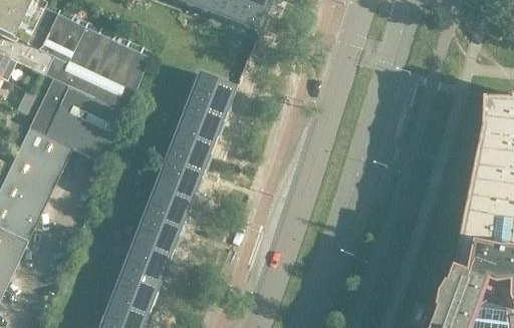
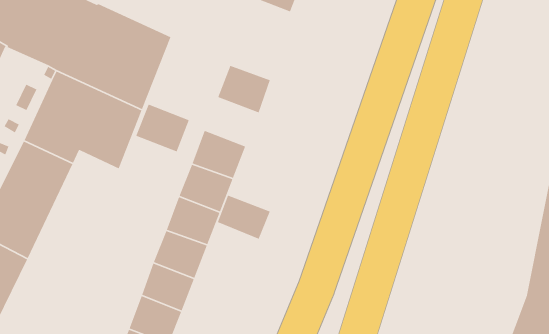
building: [179,101,226,143] -> [135,104,190,152]
building: none -> [217,194,271,240]

